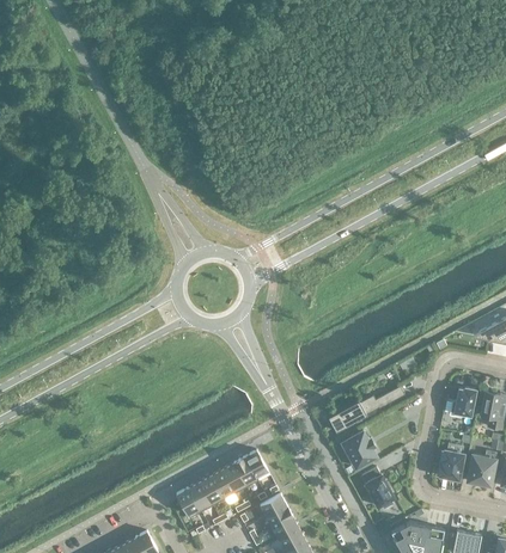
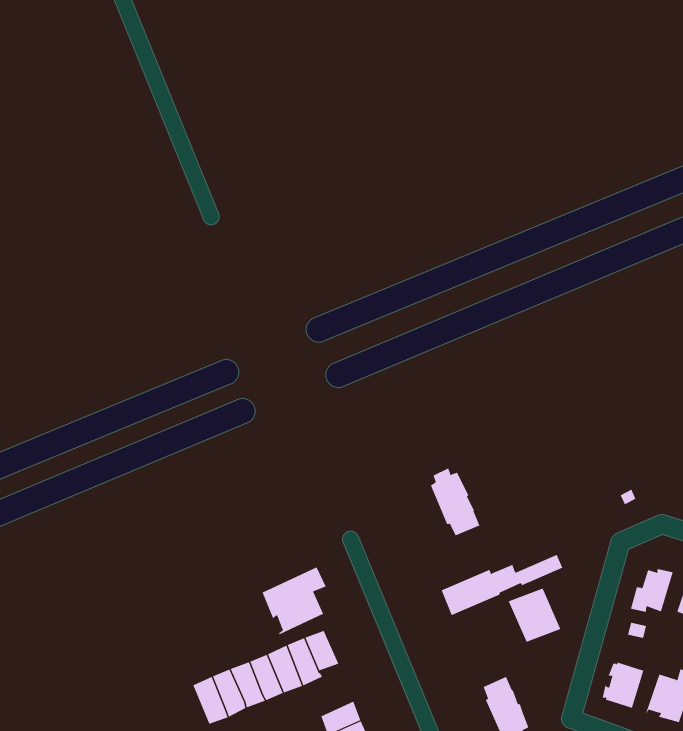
building: none -> [430,467,480,536]
building: none -> [262,567,326,635]
building: [340,431,376,467] -> [508,588,561,642]

